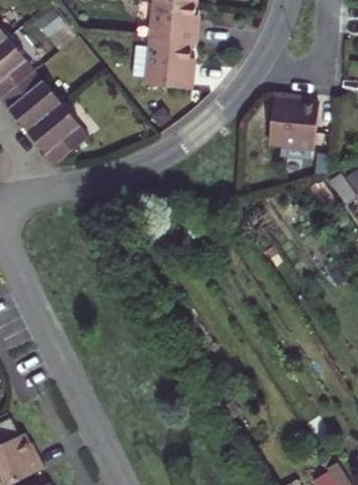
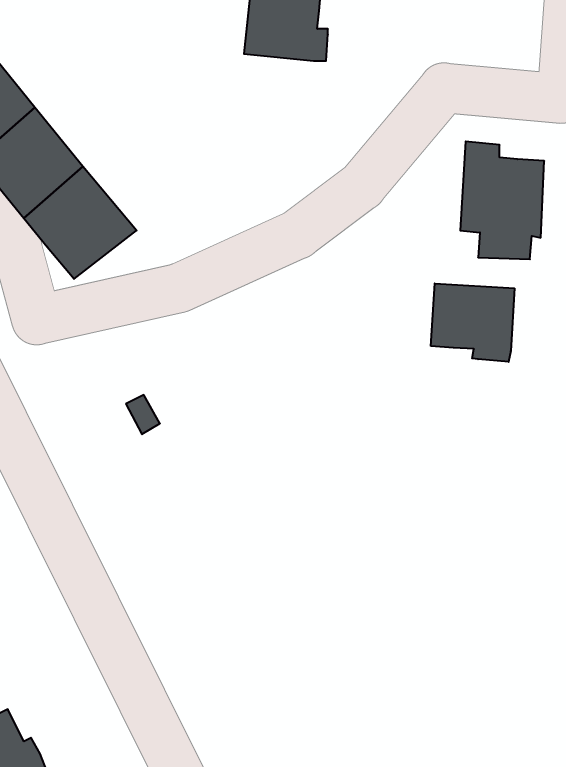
building: [142,42,190,87] -> none
building: none -> [431,283,514,362]

